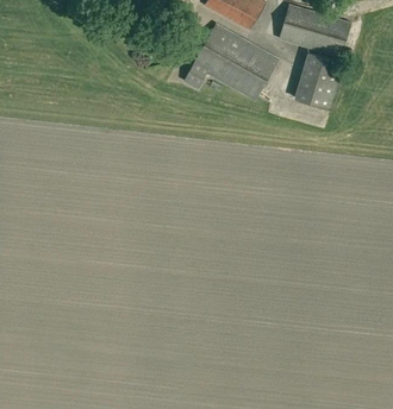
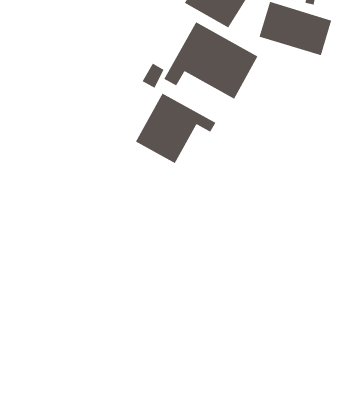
building: [293,51,342,107] -> none
building: none -> [135,92,217,164]

